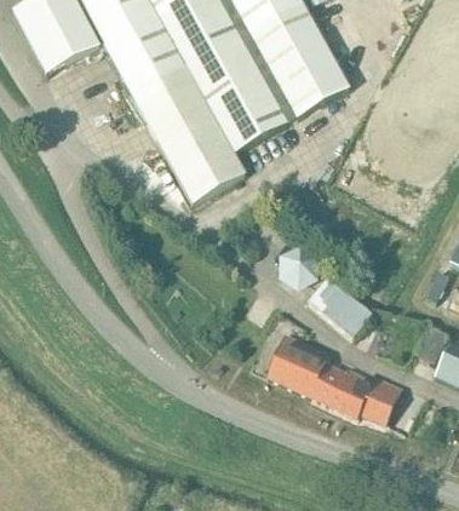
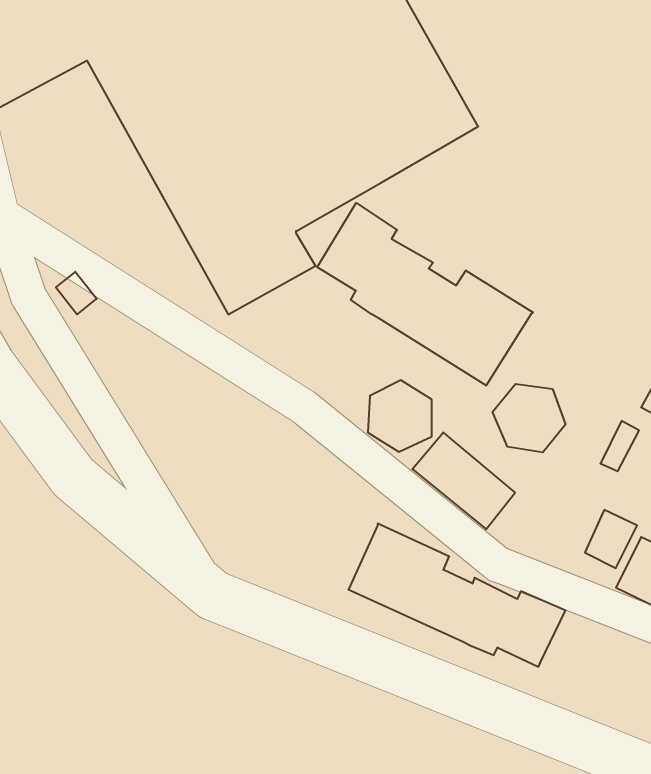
building: none -> [317,203,533,386]
building: none -> [493,384,565,452]

